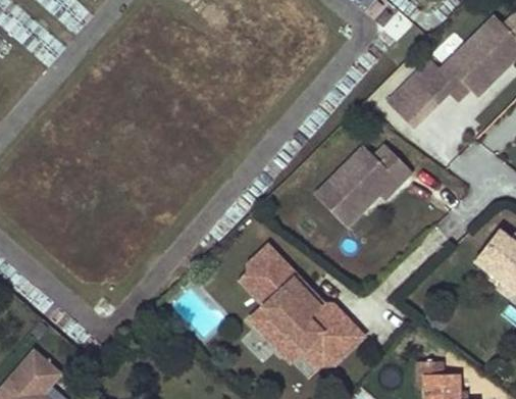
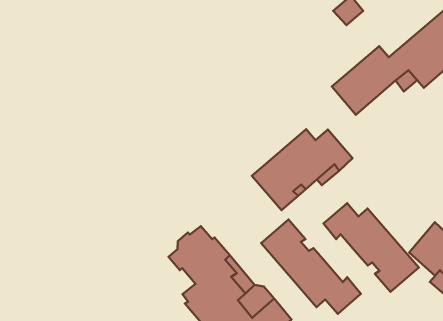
building: none -> [323,203,419,292]
building: none -> [261,220,361,314]

